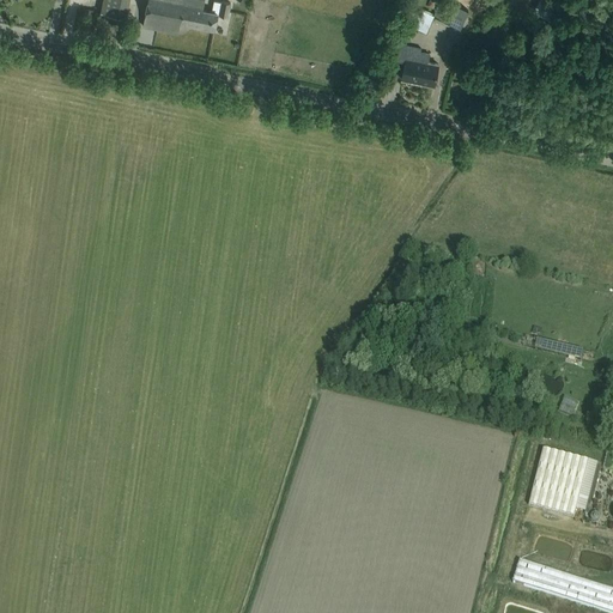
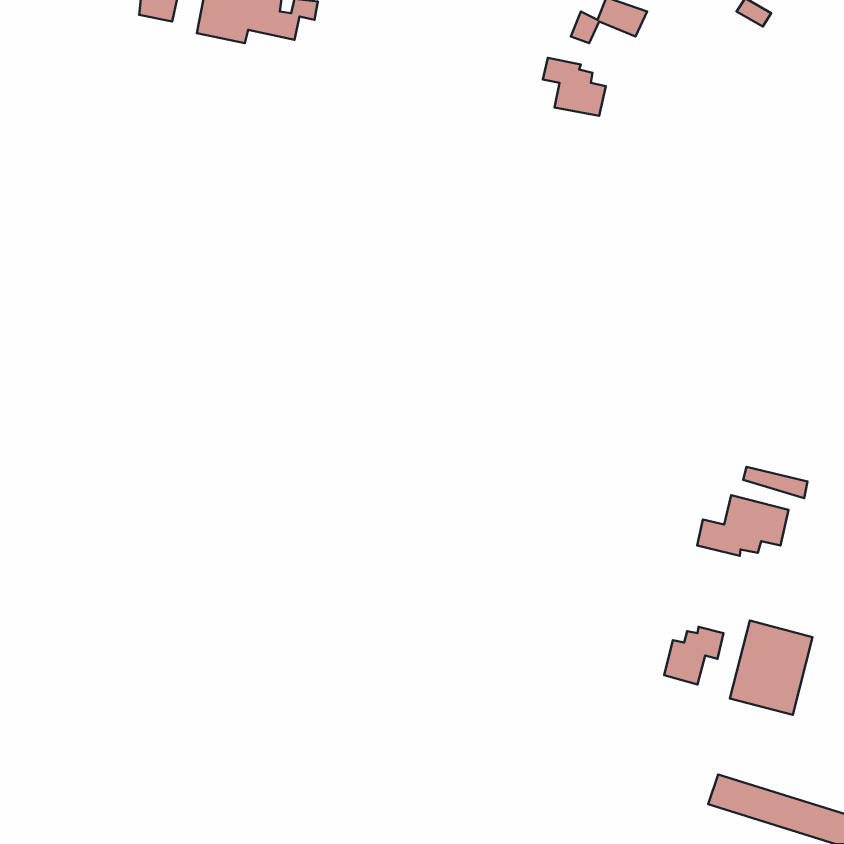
building: none -> [697,495,788,556]
building: none -> [664,627,723,685]

